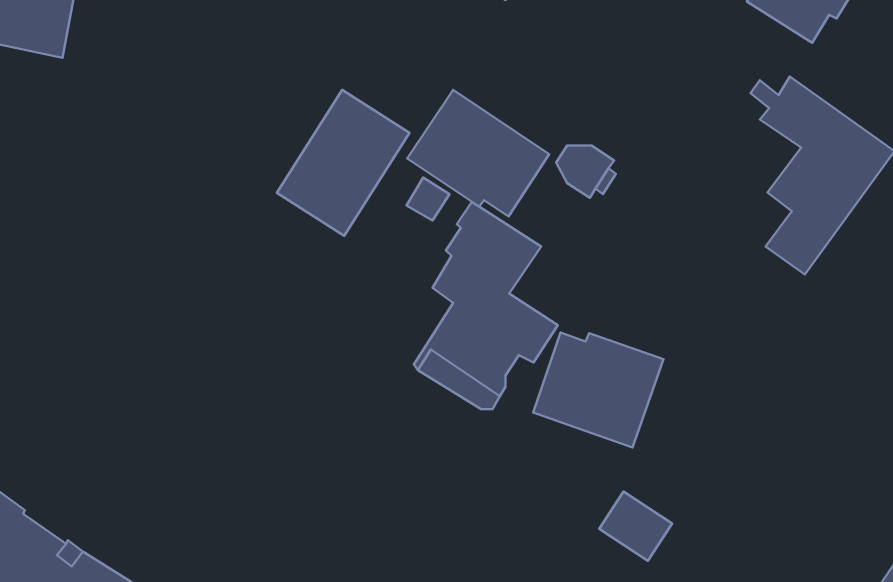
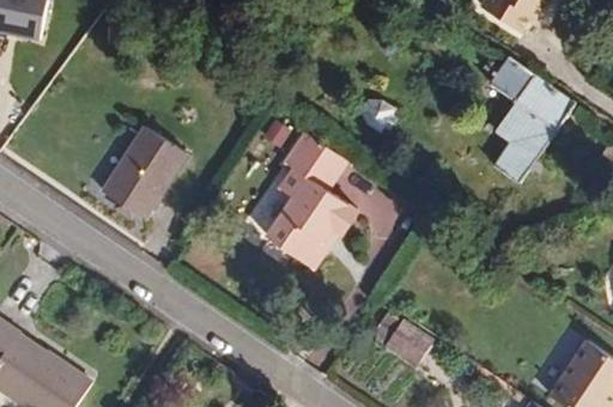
building: [407,90,549,217] -> none
building: [277,90,410,236] -> [101,124,186,218]
building: [533,332,663,448] -> none

